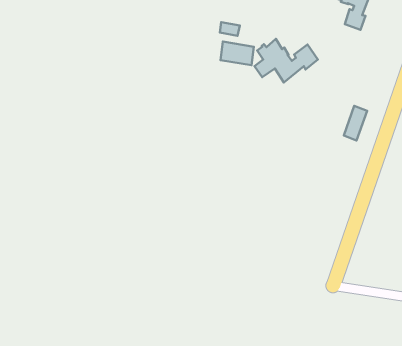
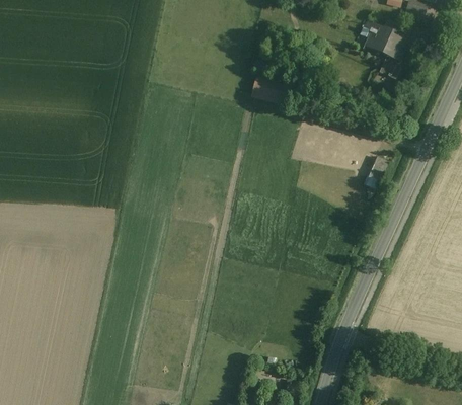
building: [255,39,318,83] -> none

